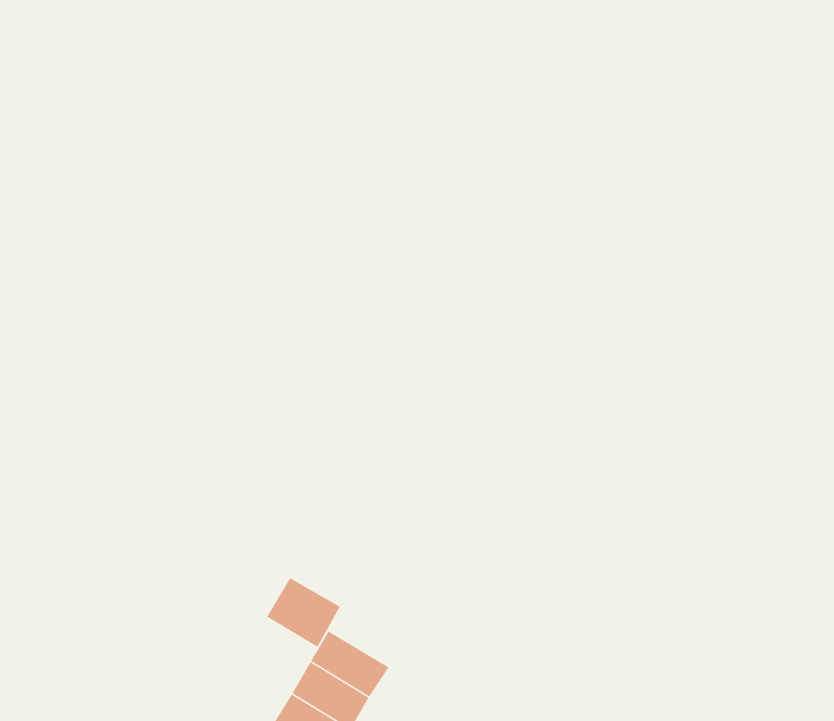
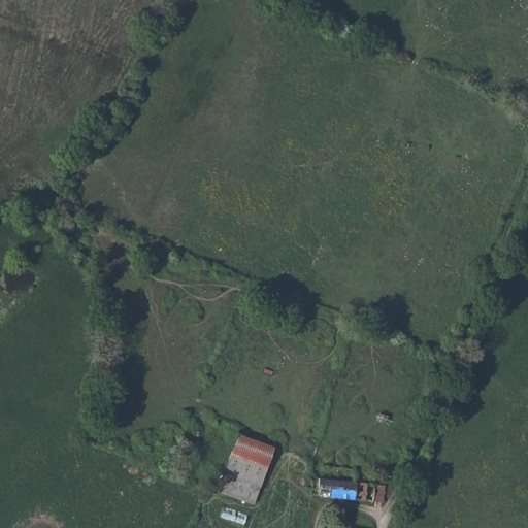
building: [266,577,341,648] -> none

